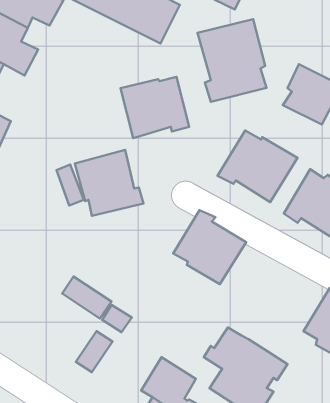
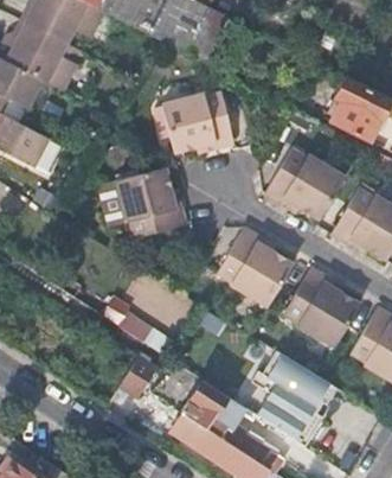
building: [197,19,266,102] -> none
building: none -> [282,268,359,348]

